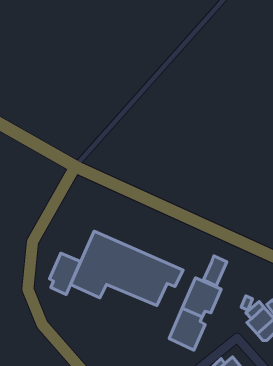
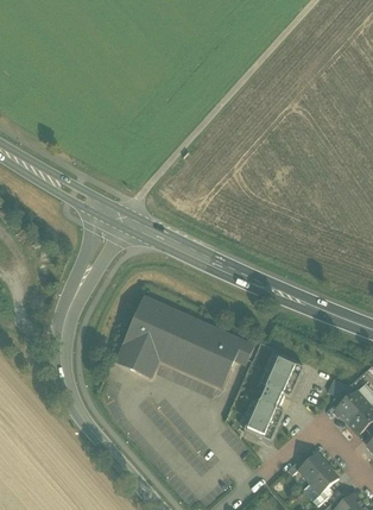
building: [50,253,80,294] -> none
building: [204,256,227,286] -> none

